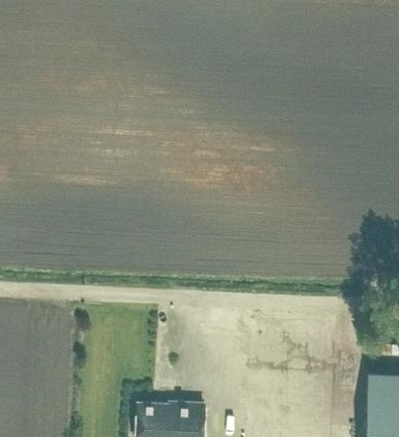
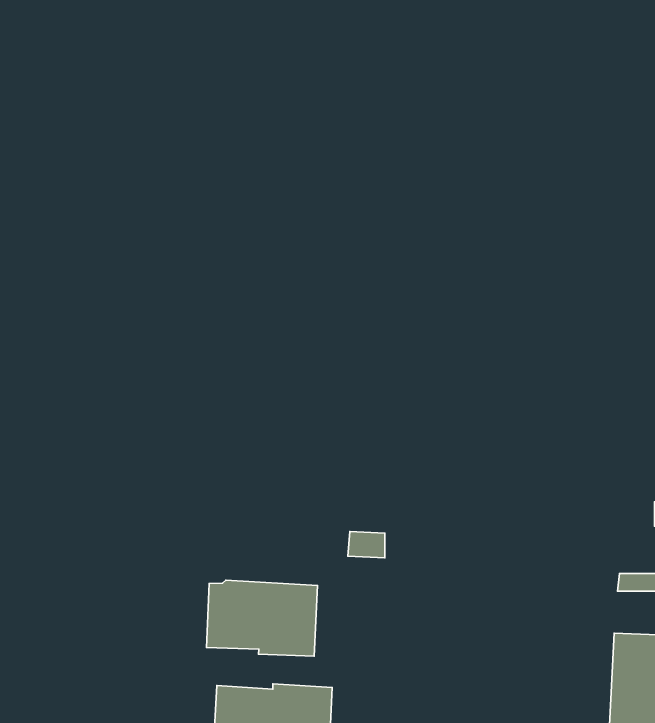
building: none -> [207,580,317,656]

